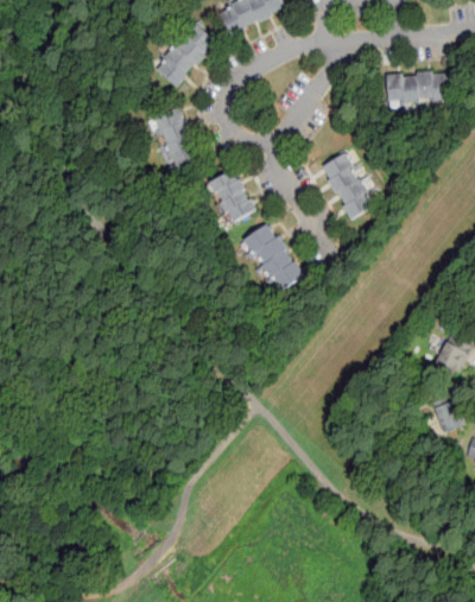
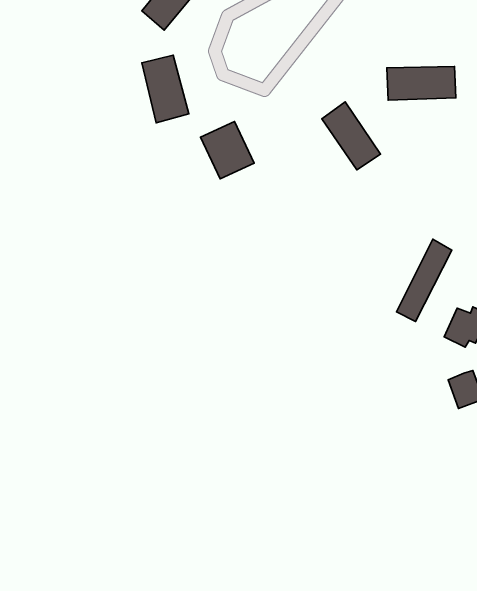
building: [385,71,448,102] -> [387,66,456,100]
building: [240,226,297,294] -> none
building: none -> [396,239,452,321]

